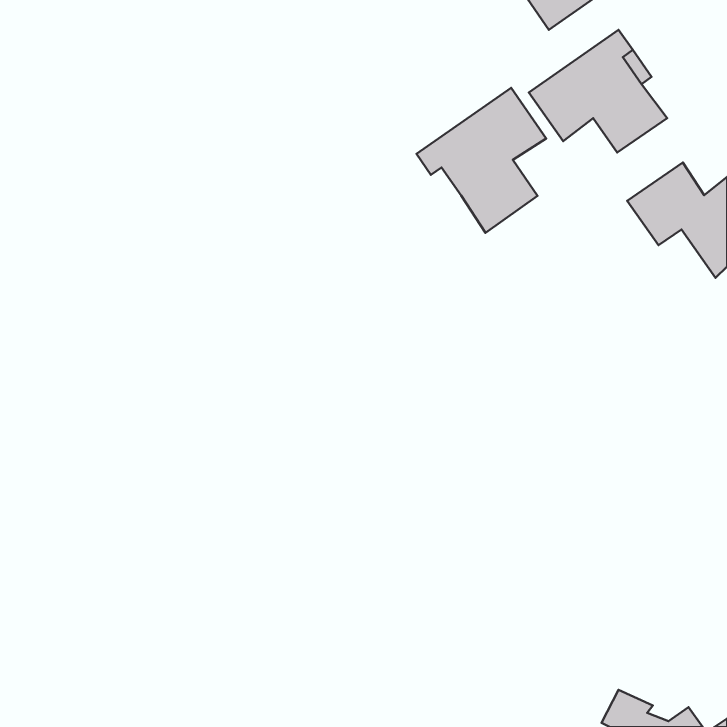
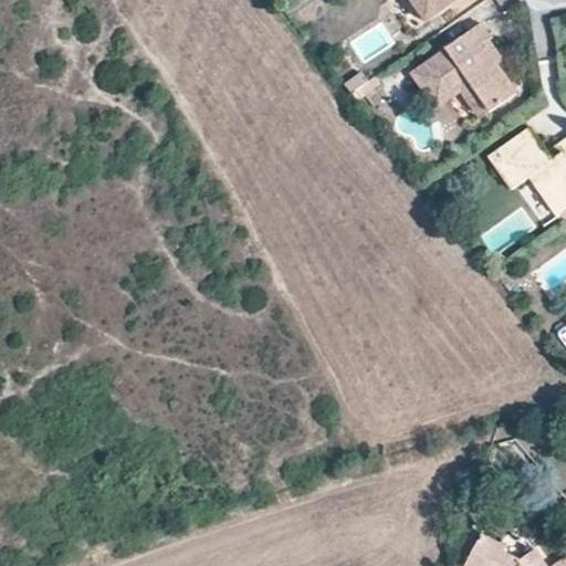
building: [416,88,546,233] -> none

